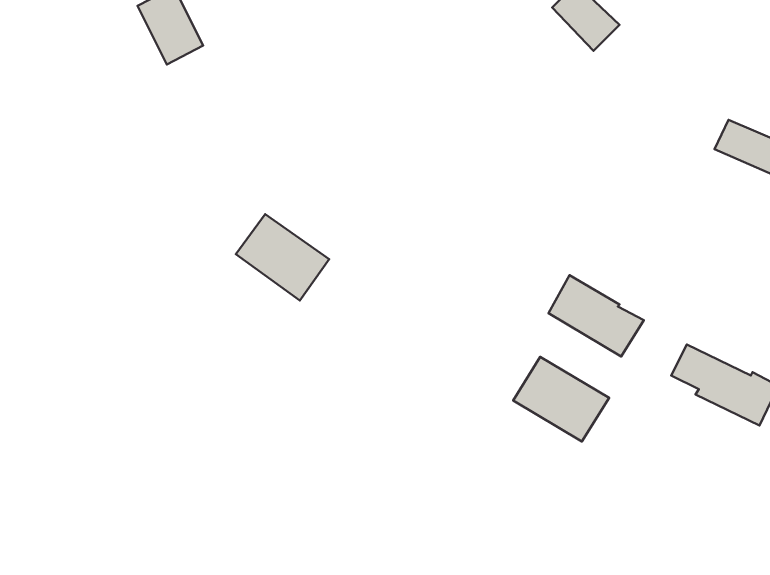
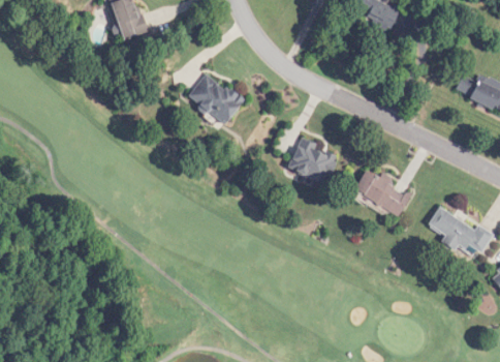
building: [236,214,329,301] -> [188,74,244,126]
building: none -> [287,138,338,185]
building: [513,357,609,442] -> none

